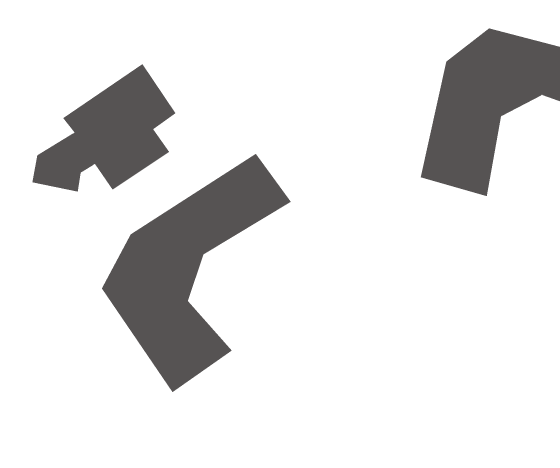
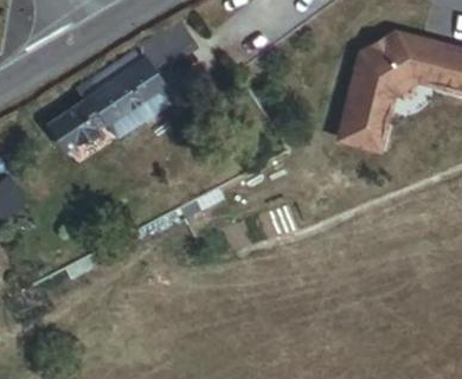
building: [101,153,292,393] -> none

